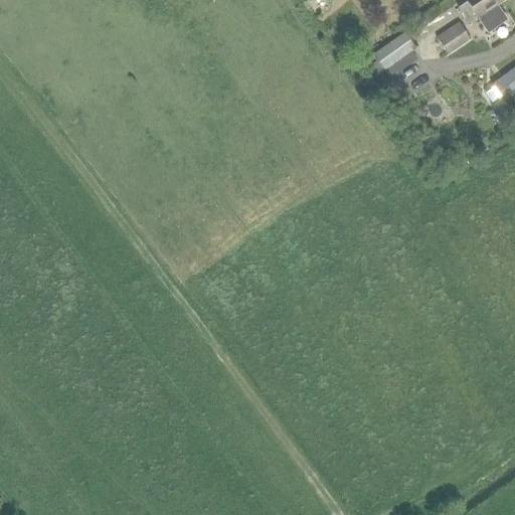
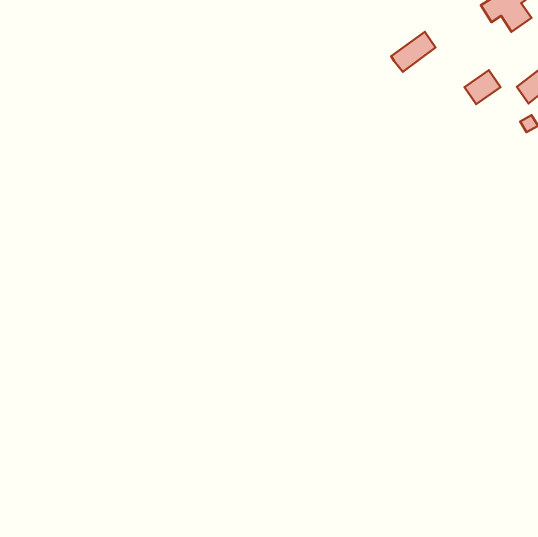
building: [438,20,472,52] -> [464,70,500,104]

